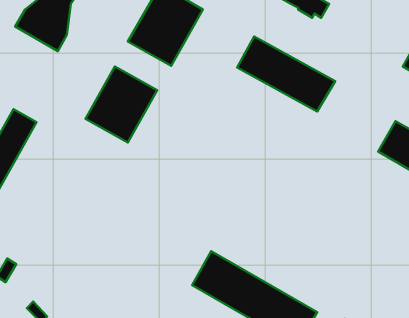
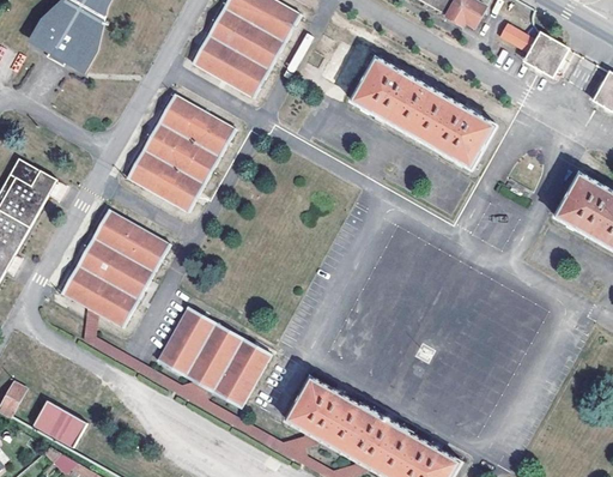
building: none -> [494,22,569,77]
building: none -> [60,207,169,326]
building: none -> [156,306,272,409]
building: none -> [34,400,87,448]

